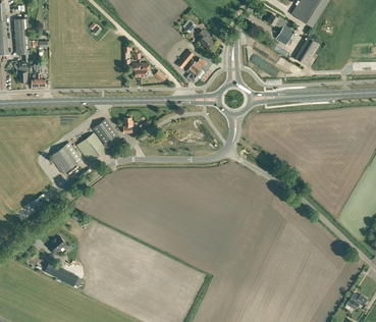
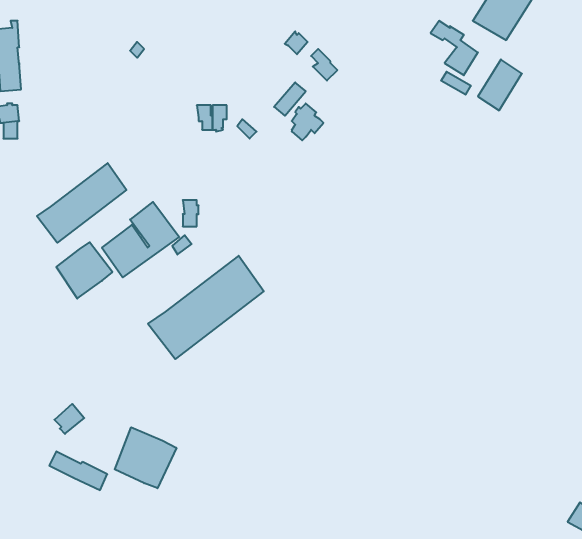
building: none -> [37,163,126,243]
building: none -> [148,256,264,359]
building: none -> [115,427,176,488]

